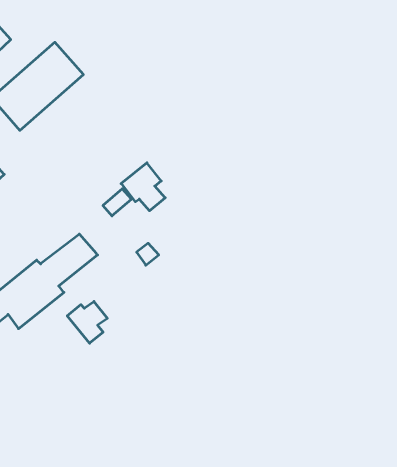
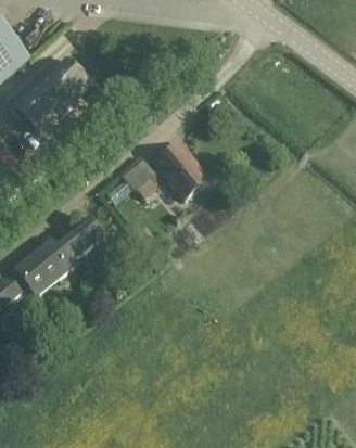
building: none -> [155,142,208,199]
building: [67,301,107,343] -> none

